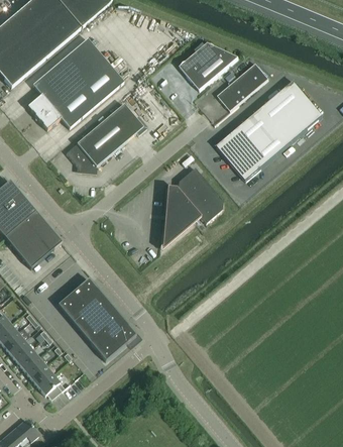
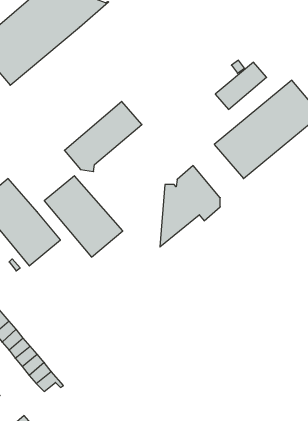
building: [27,37,123,128] -> none
building: [179,42,238,90] -> none
building: [58,277,136,359] -> [44,176,123,257]

